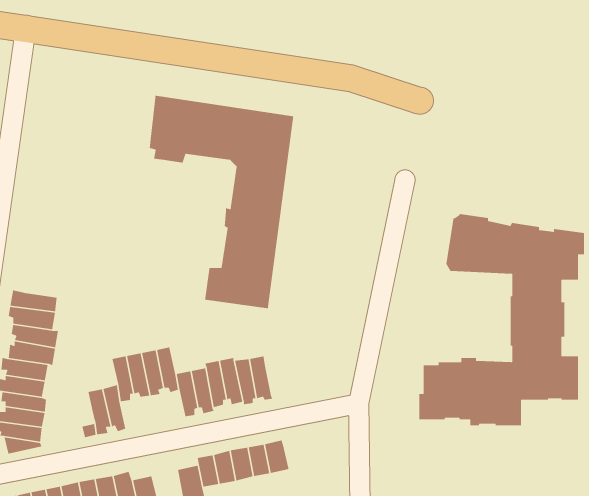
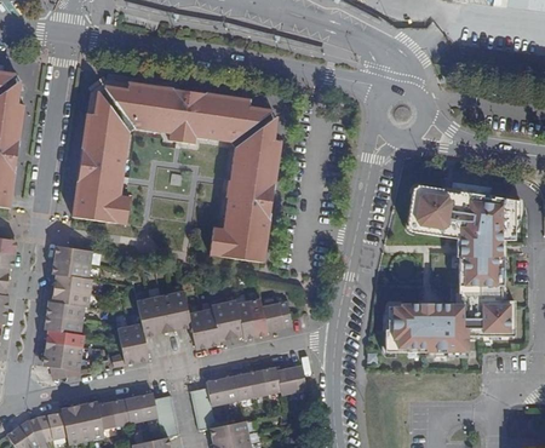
building: none -> [71,82,171,225]
building: none -> [260,301,289,331]
building: none -> [275,364,308,395]

